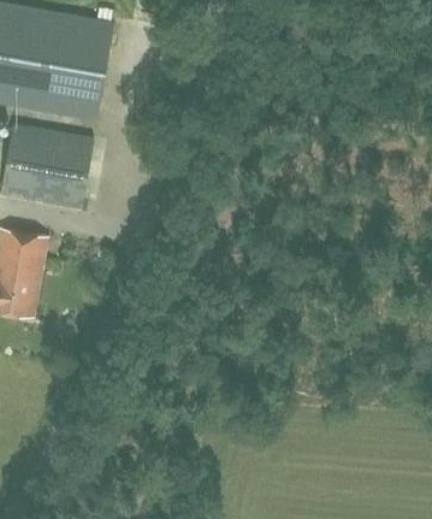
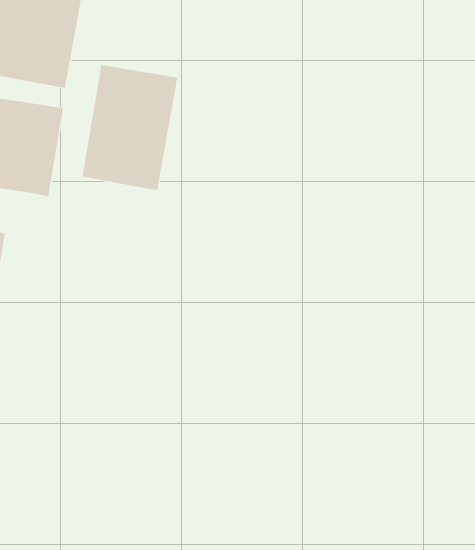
building: none -> [82,64,178,191]

